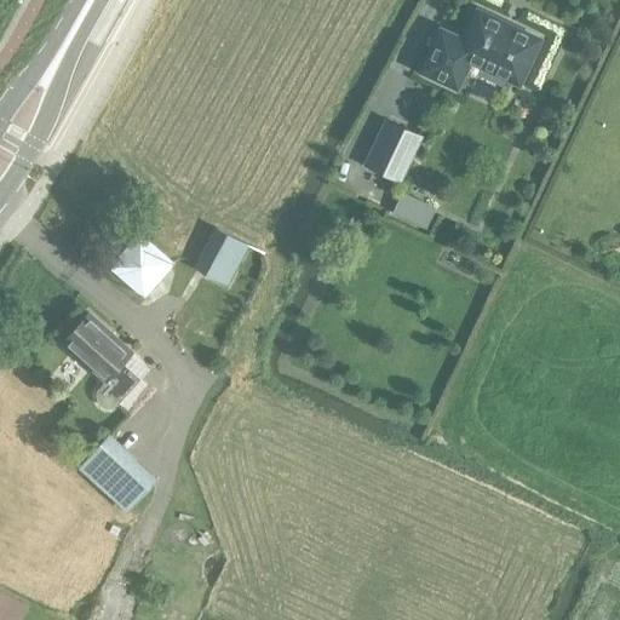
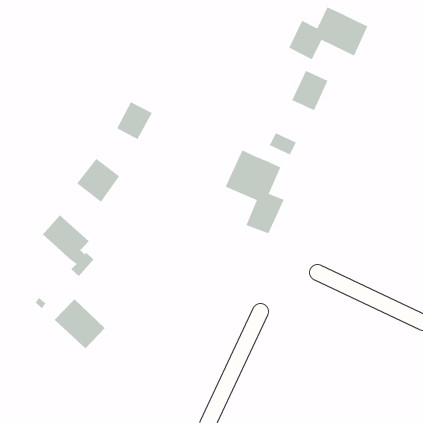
building: [364,122,419,183] -> [291,70,329,111]
building: none -> [224,149,285,235]
building: [194,229,247,286] -> [116,101,153,140]

